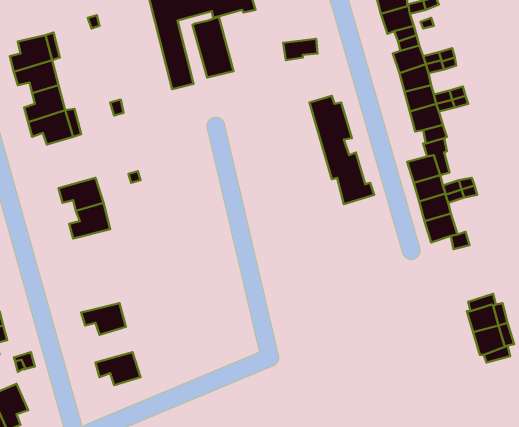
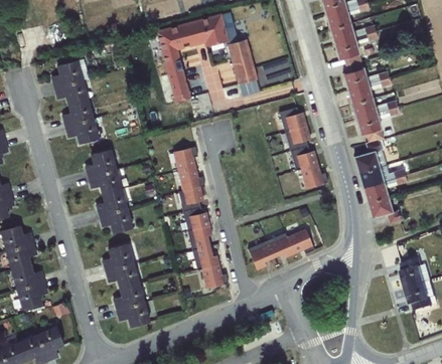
building: [193,17,233,78] -> [227,38,258,84]
building: none -> [173,146,228,289]
building: none -> [85,150,116,177]
building: none -> [99,208,133,233]
building: none -> [249,228,314,269]
building: none -> [102,243,134,271]
building: none -> [113,283,144,310]

